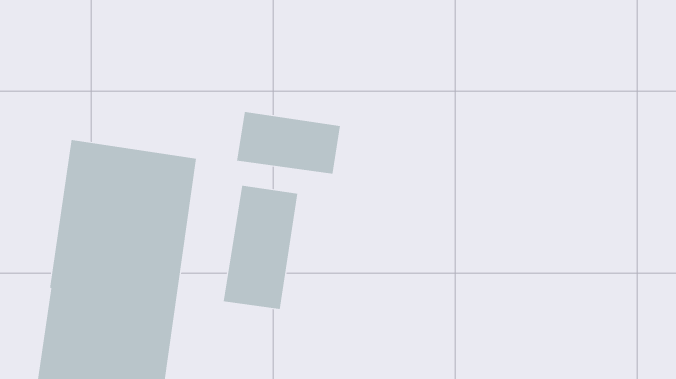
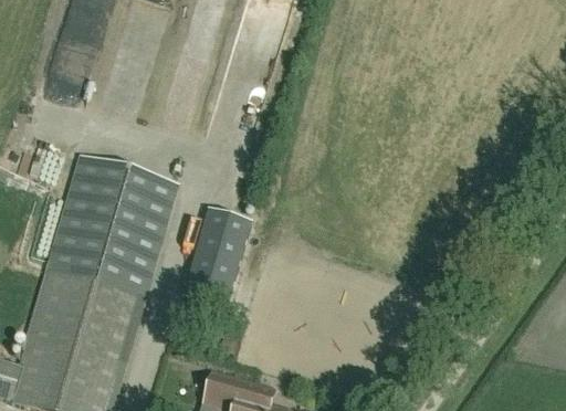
building: [236,111,340,175] -> none

